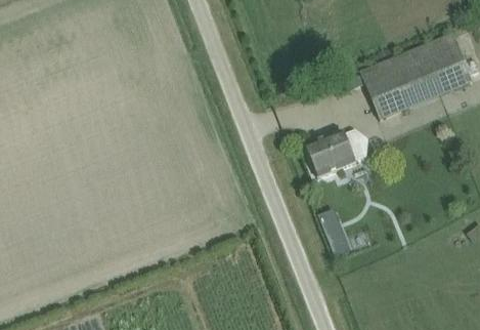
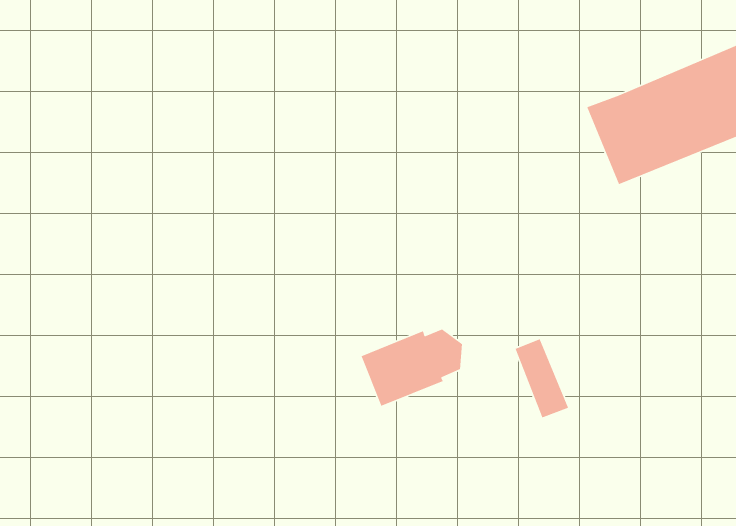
building: [306,129,367,176] -> [360,329,463,407]

